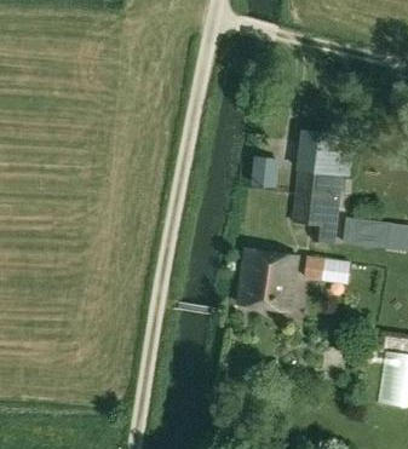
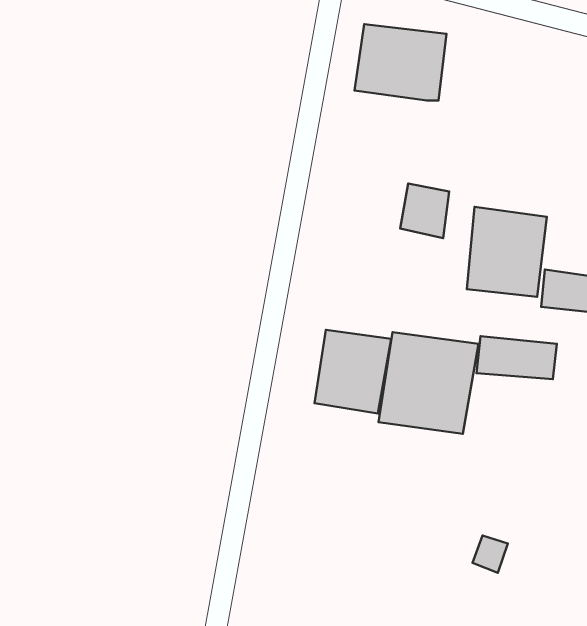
building: [297,132,354,179] -> [354,24,446,100]
building: none -> [315,330,391,413]

